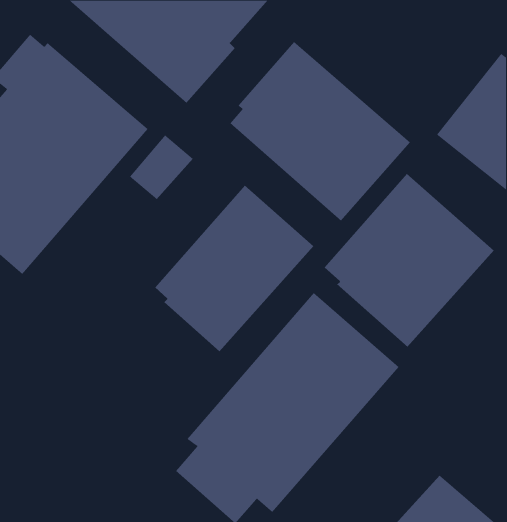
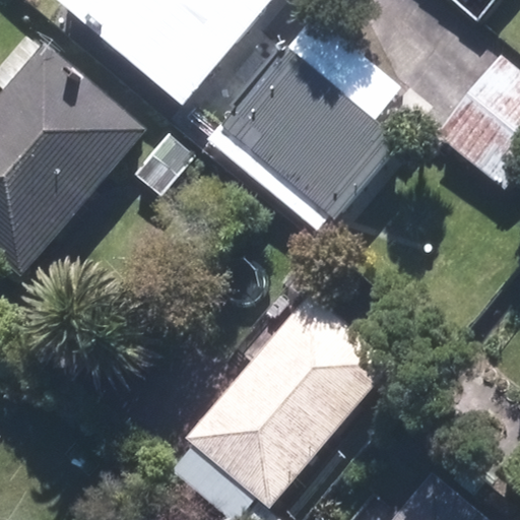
building: [324,173,495,348] -> none
building: [154,185,314,352] -> none

